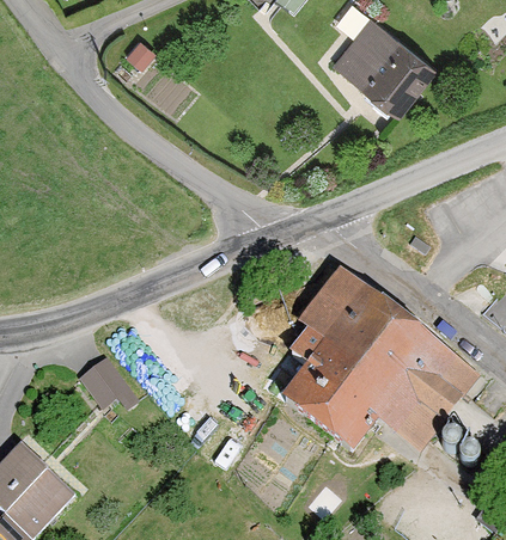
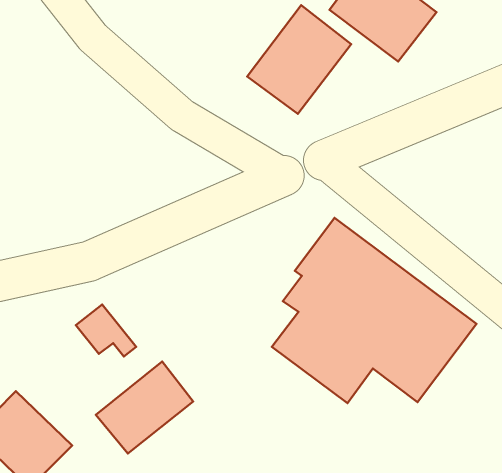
building: none -> [247,5,351,114]
building: none -> [96,362,193,453]

